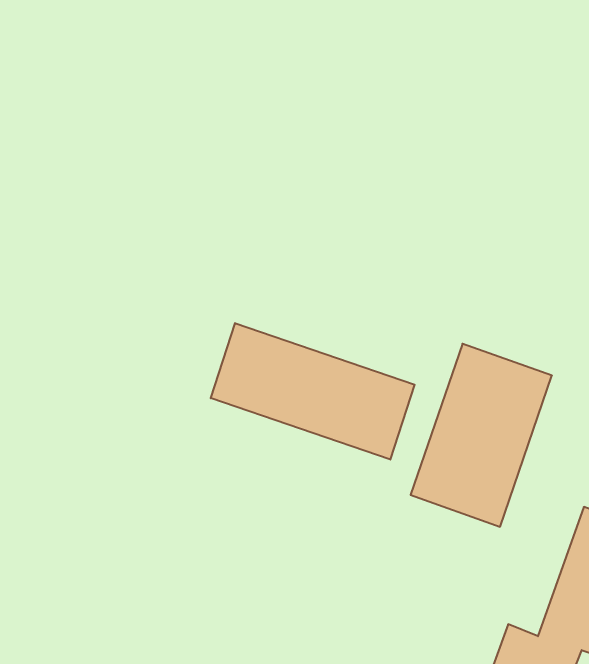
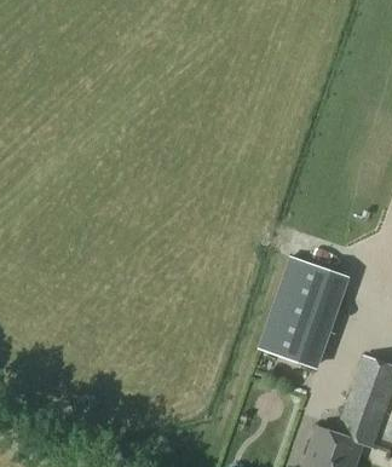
building: [211,323,415,460] -> none

